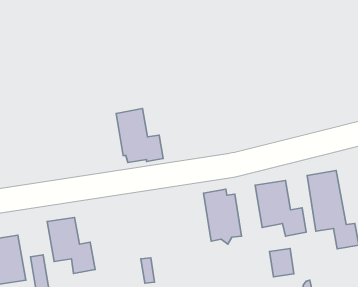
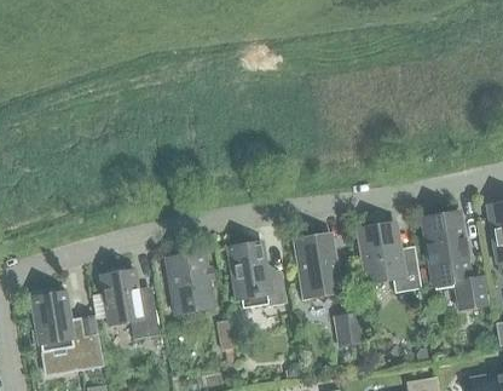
building: [116,109,163,162] -> [229,241,287,307]
building: none -> [167,253,213,310]
building: [270,249,294,277] -> [333,311,363,346]

